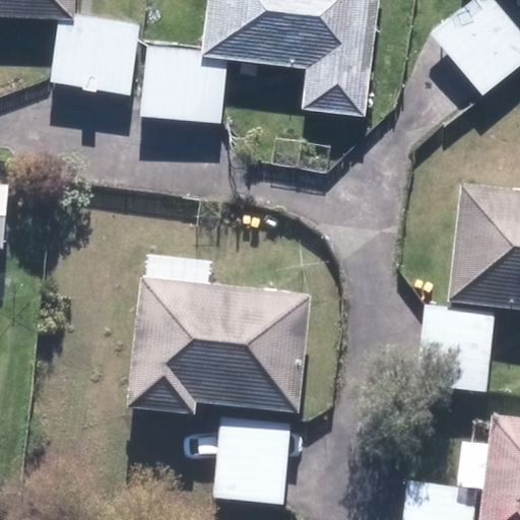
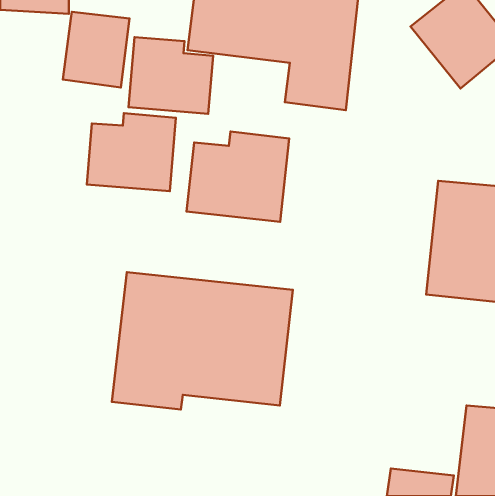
building: none -> [87,113,176,191]
building: none -> [187,132,289,222]
building: [214,419,295,509] -> none

